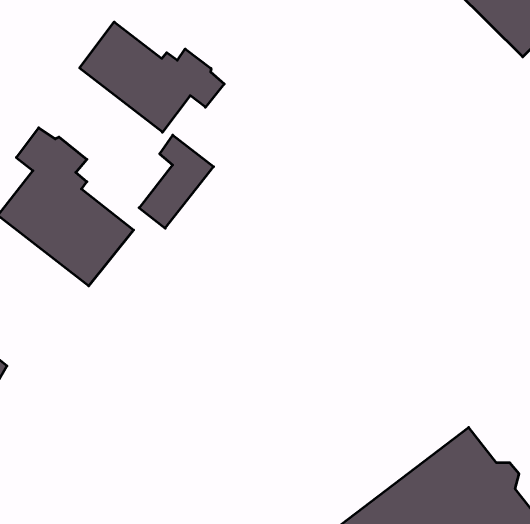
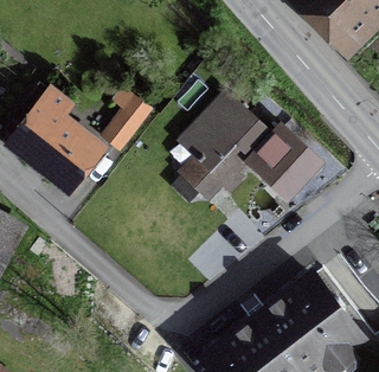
building: [80,22,224,132] -> none
building: none -> [185,91,317,194]

